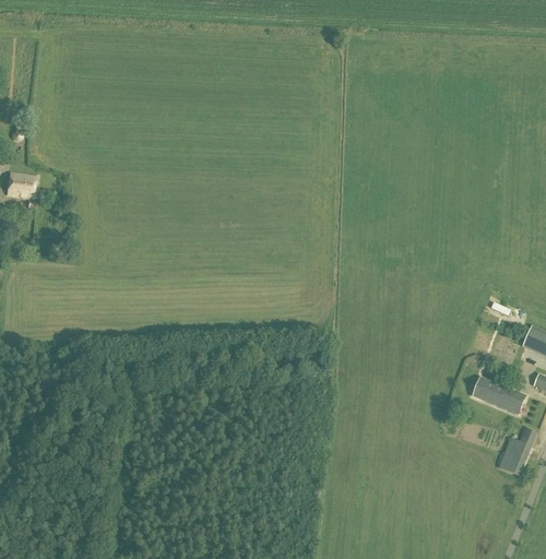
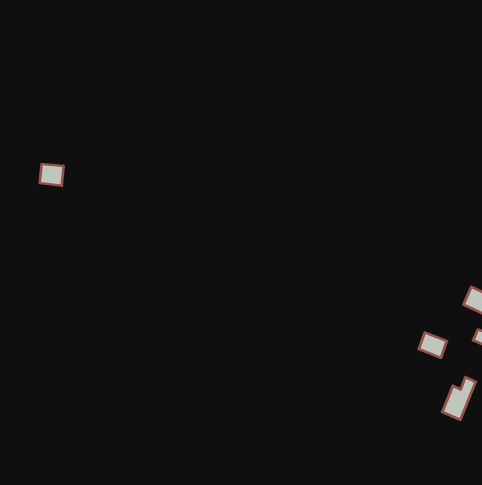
building: [8,174,35,198] -> [40,164,64,186]
building: [498,386,526,413] -> none

